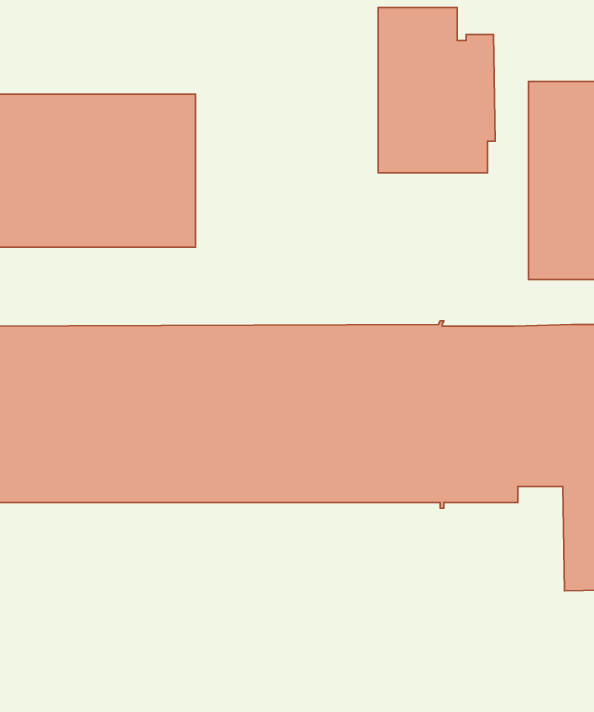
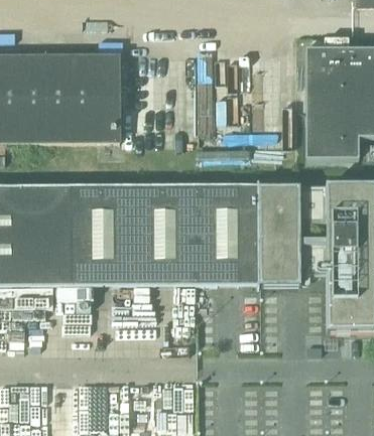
building: [378,8,495,173] -> none

